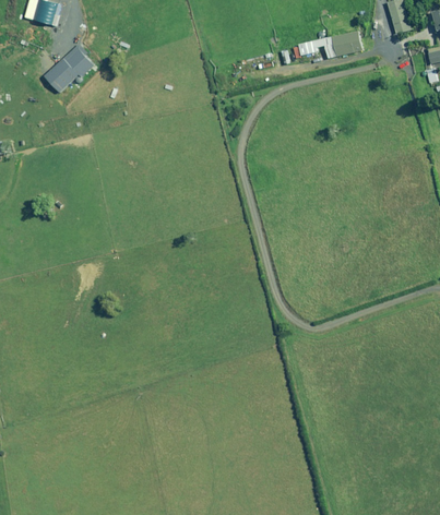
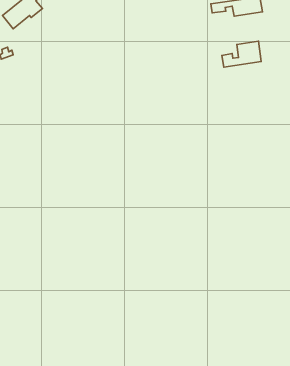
building: none -> [222,41,261,67]

